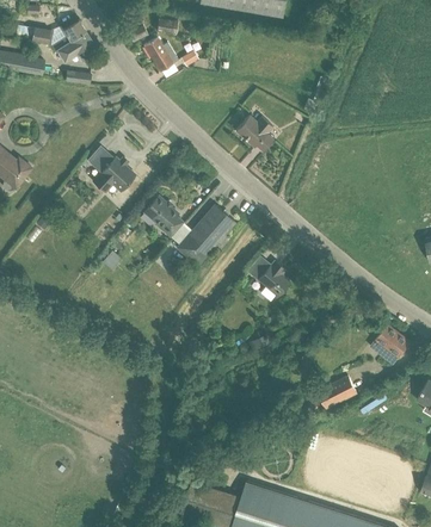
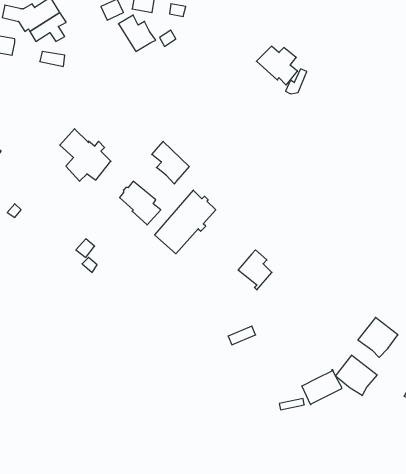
building: [234,116,273,153] -> [256,46,298,85]
building: none -> [152,141,189,184]
building: none -> [336,355,377,396]

